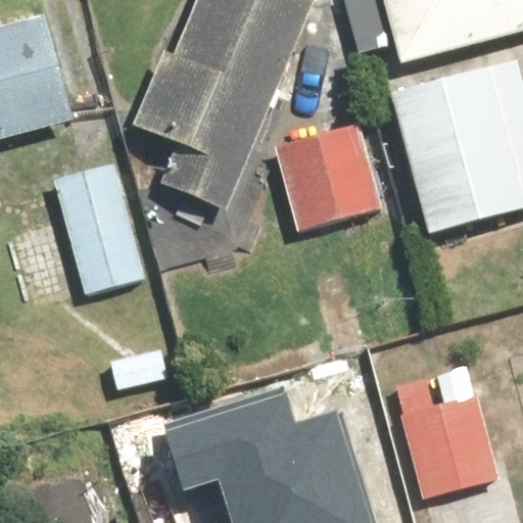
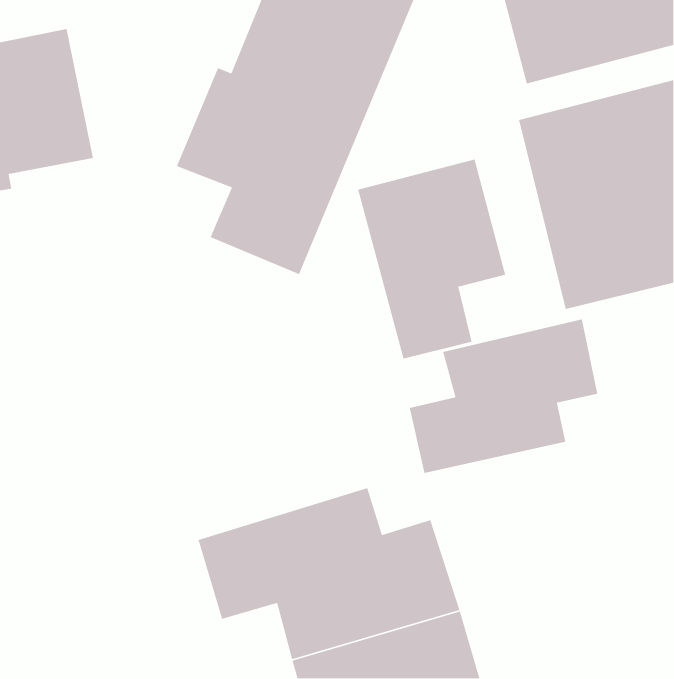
building: [52,162,145,296] -> none
building: none -> [409,319,598,474]
building: [391,377,503,505] -> none

